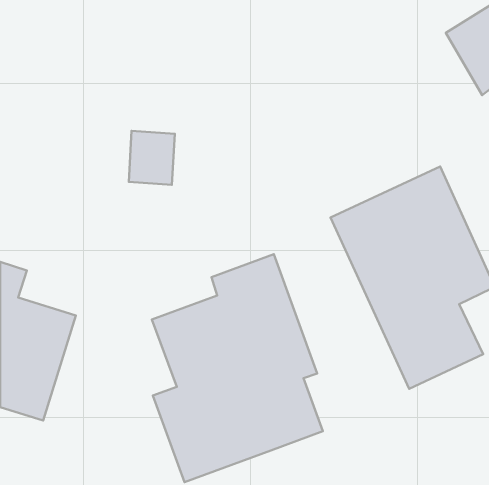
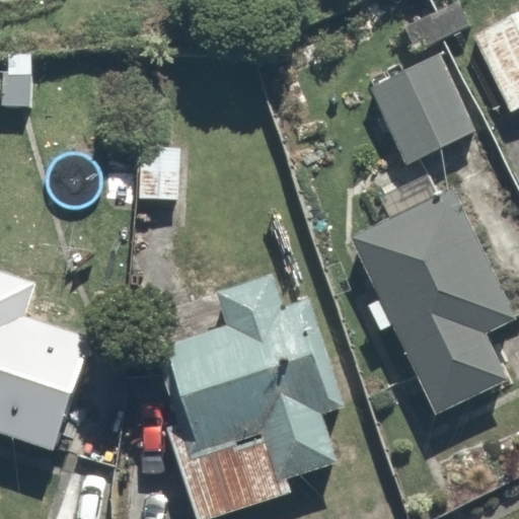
building: none -> [367,58,473,165]

